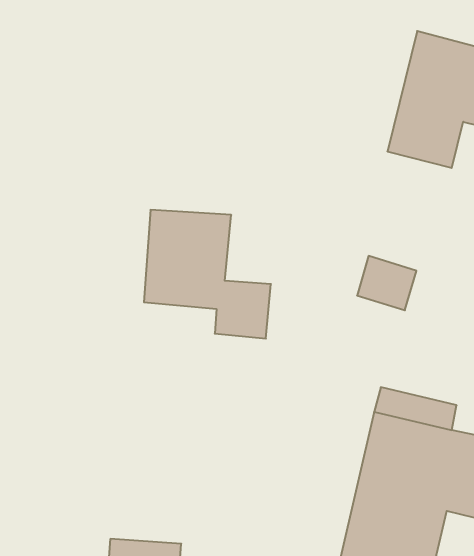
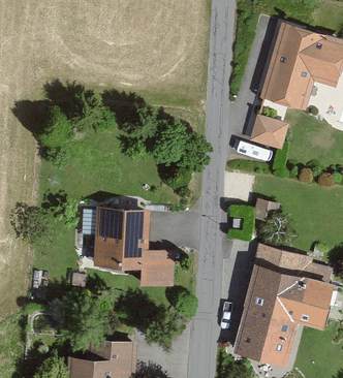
building: [144,210,271,339] -> [94,209,174,289]
building: [357,256,416,310] -> [250,118,287,152]

